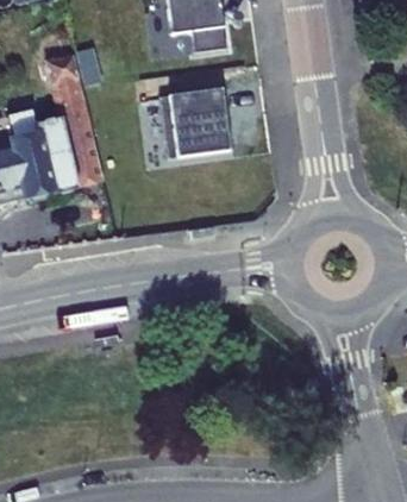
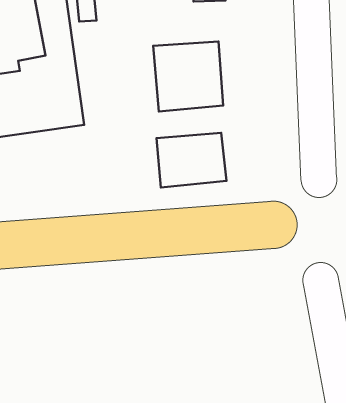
building: none -> [157,133,226,188]

